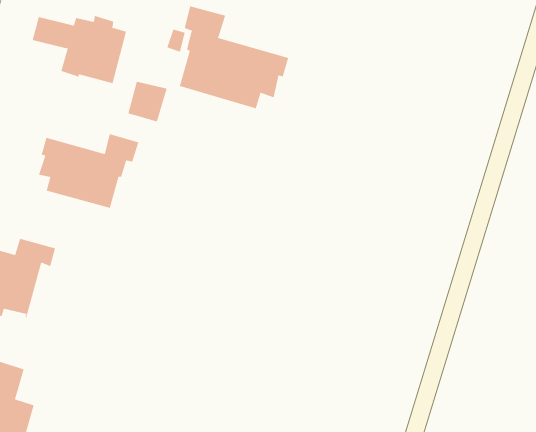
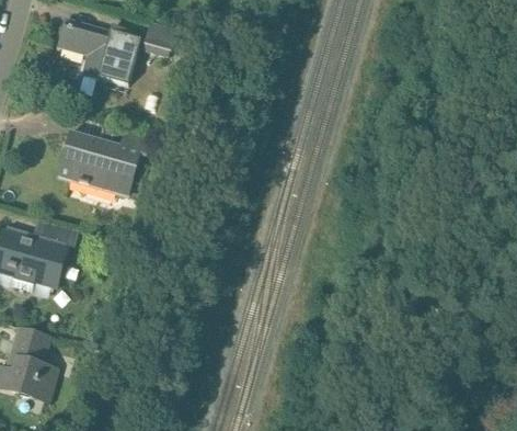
building: [179,5,289,109] -> none
building: [128,81,167,122] -> [141,21,176,57]

